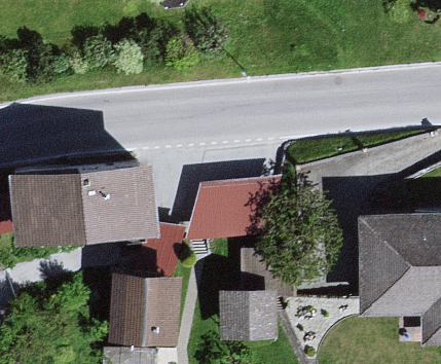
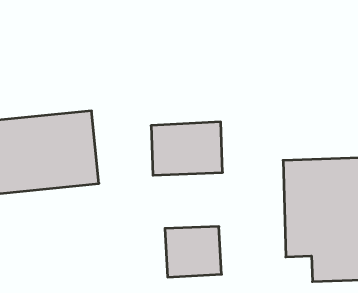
building: [105,276,183,351] -> none

